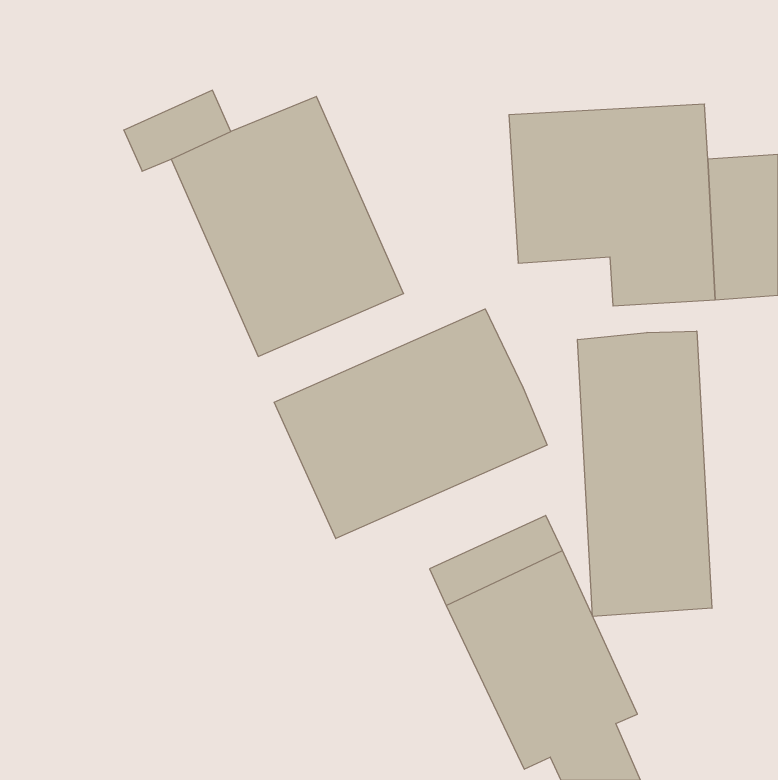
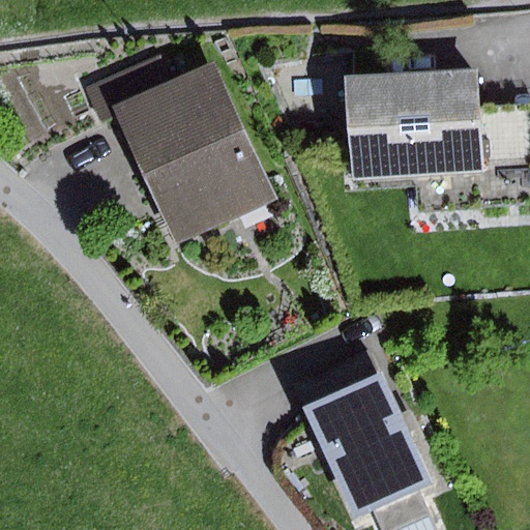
building: [274,309,547,539] -> none
building: [578,331,712,617] -> none

